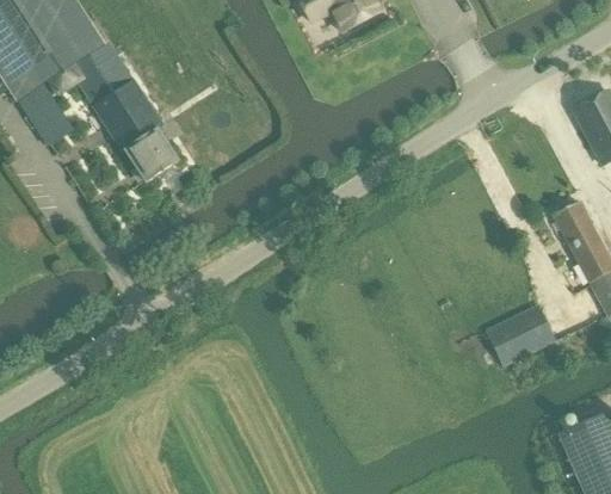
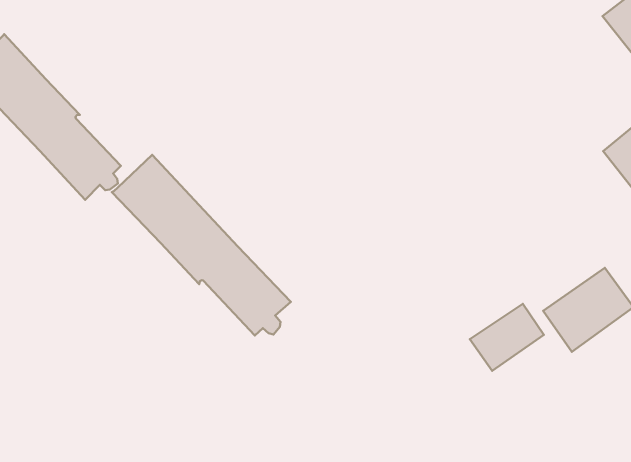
building: none -> [112,155,291,336]
building: none -> [470,304,544,371]

